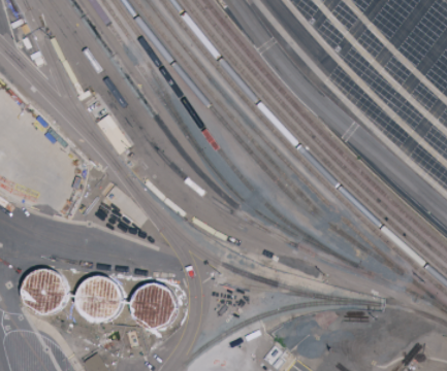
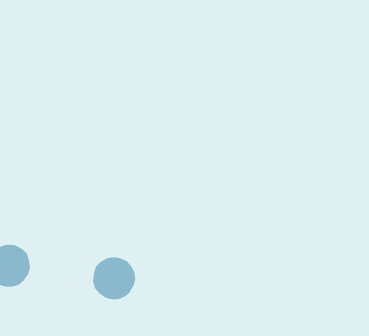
building: [75,276,119,319] -> none

